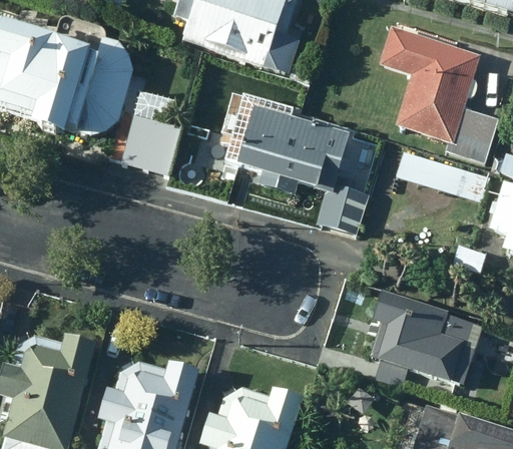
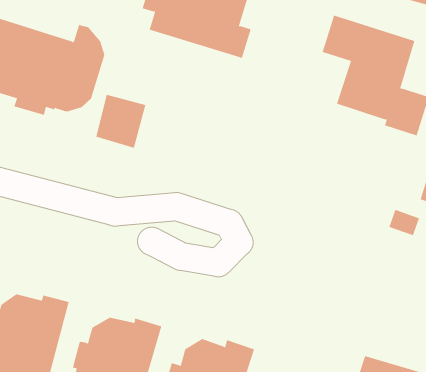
building: [225,93,369,233] -> none
building: [397,147,478,195] -> none
building: [369,292,484,385] -> none

